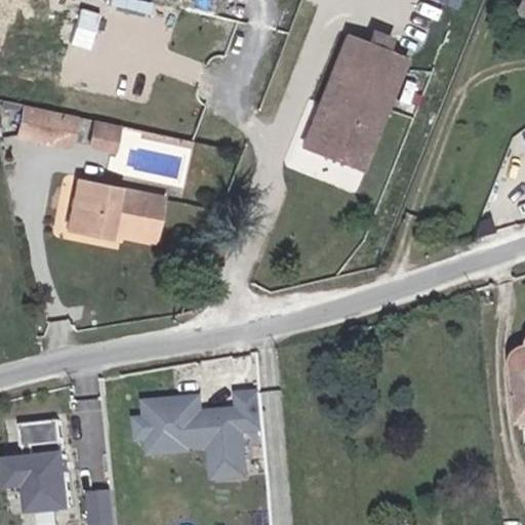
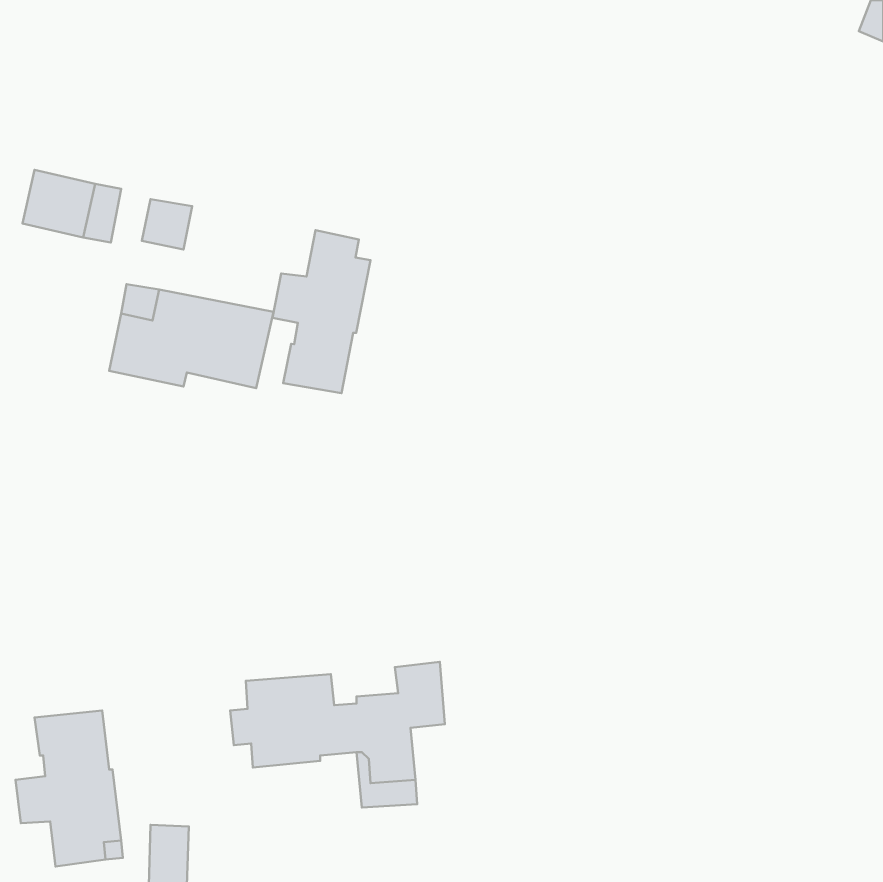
building: [301,39,402,169] -> none
building: none -> [272,230,371,393]

